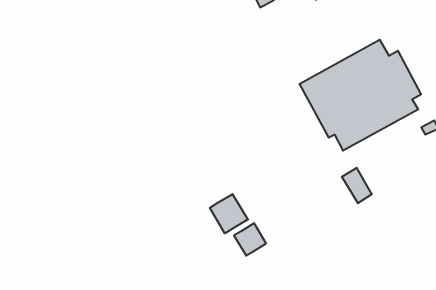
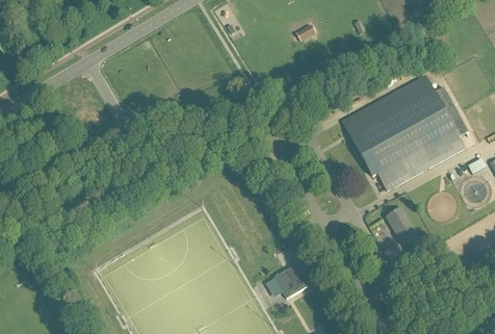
building: [210,194,248,233] -> none

